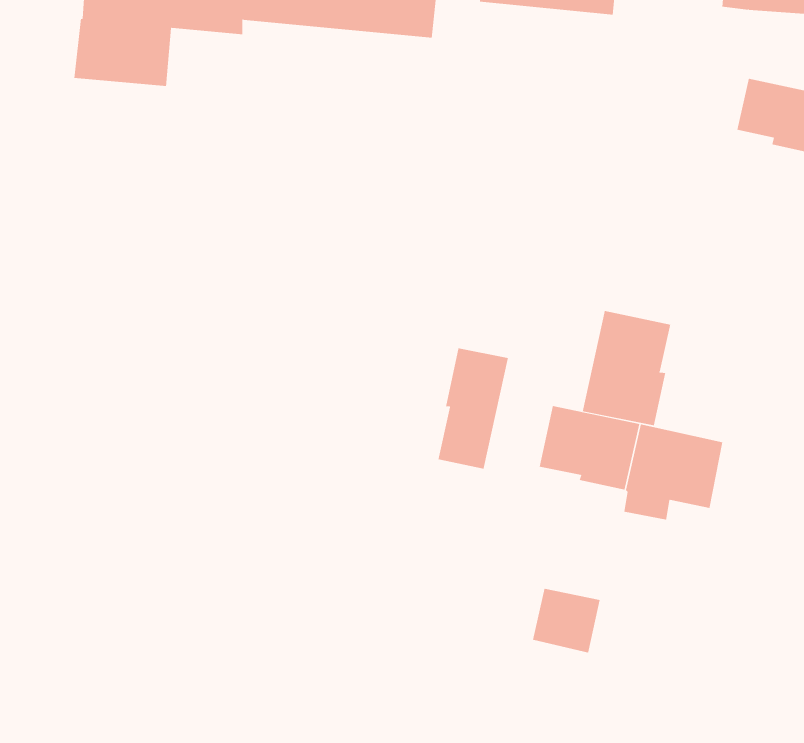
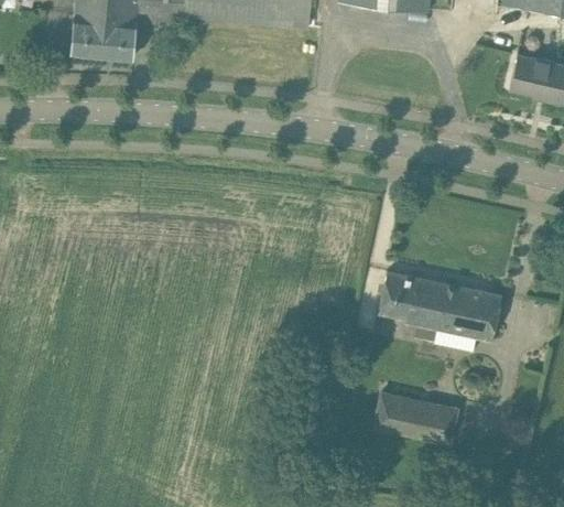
building: [582,310,671,426] -> none
building: [438,348,508,469] -> none
building: none -> [412,400,457,443]

